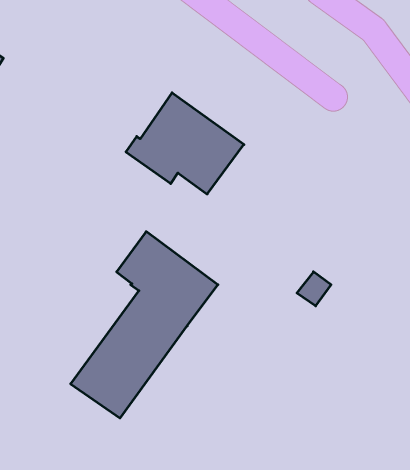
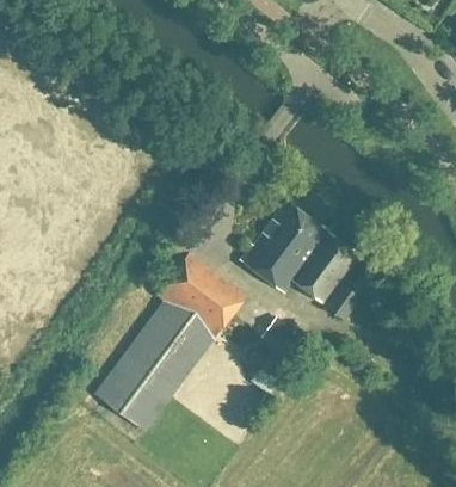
building: [126,93,244,194] -> [236,201,356,303]

